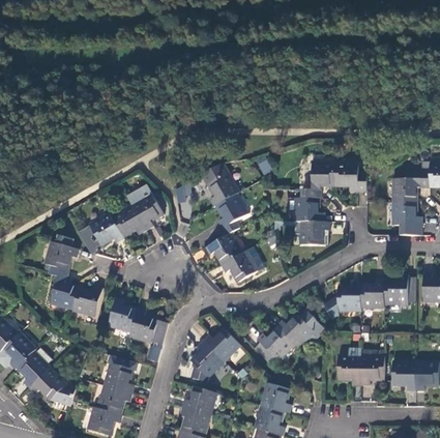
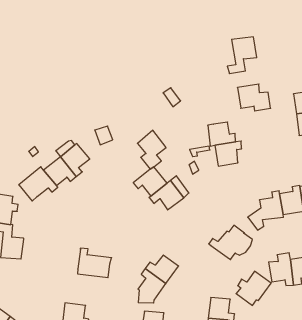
building: [301,163,334,199] -> [227,37,257,74]
building: [202,164,239,207] -> none
building: [72,287,104,317] -> none
building: [110,298,138,330] -> none
building: [255,328,294,364] -> [236,271,271,305]

